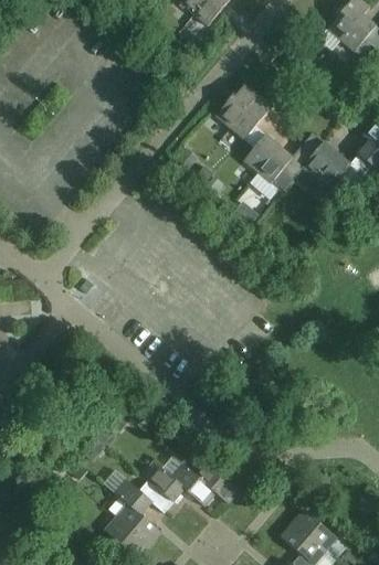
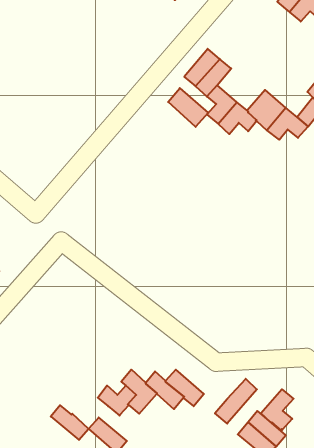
building: none -> [168,88,208,127]
building: none -> [215,379,257,424]
building: none -> [261,389,294,430]
building: [117,502,161,543] -> [51,405,88,440]

